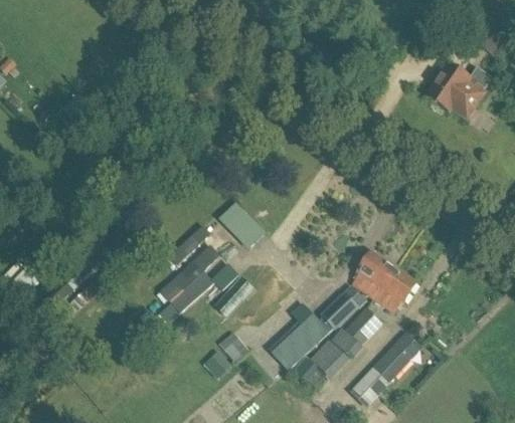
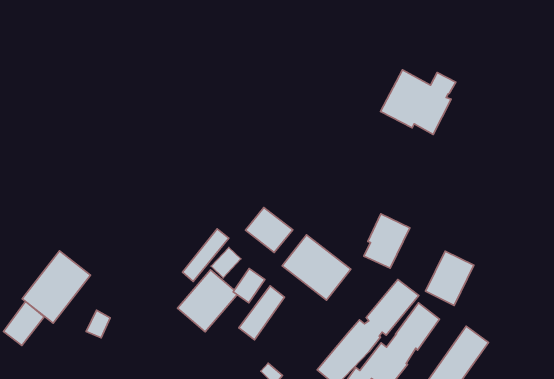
building: [423,61,491,120] -> [381,70,456,135]
building: none -> [22,251,90,323]
building: none -> [282,235,351,300]
building: [351,251,393,298] -> [364,214,410,268]

